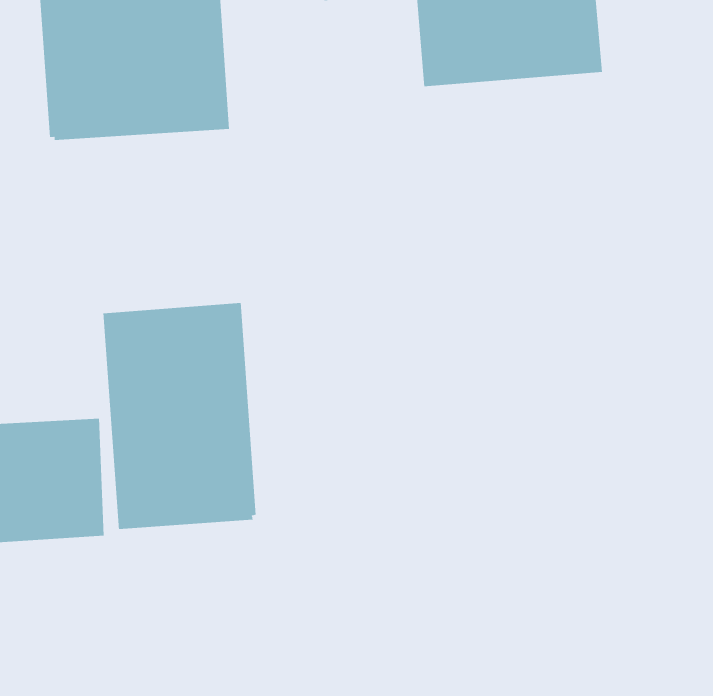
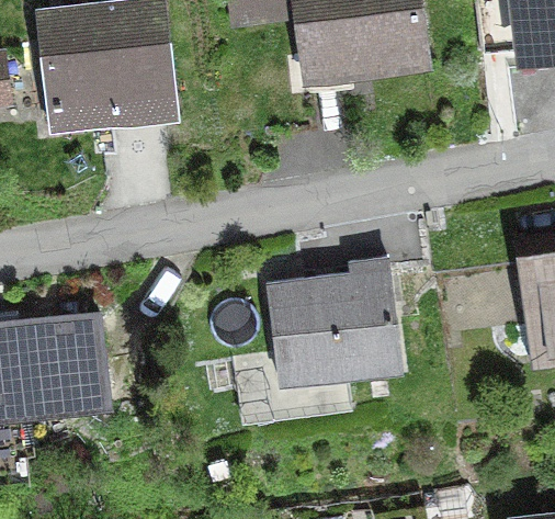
building: [103,302,256,530] -> none
building: none -> [268,260,401,387]

